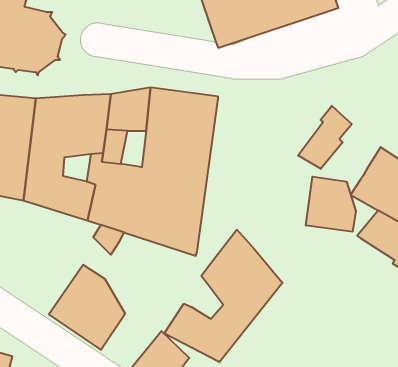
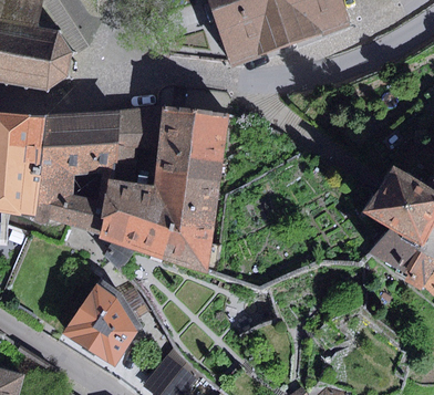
building: [298,106,352,169] -> none
building: [306,177,356,232] -> none
building: [164,230,283,362] -> none

